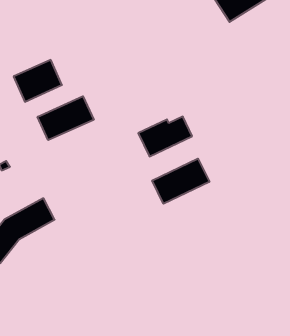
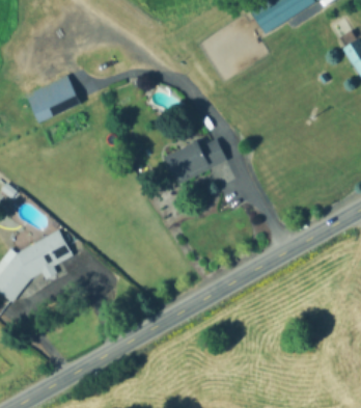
building: [38,96,94,140] -> none
building: [152,159,209,204] -> none

